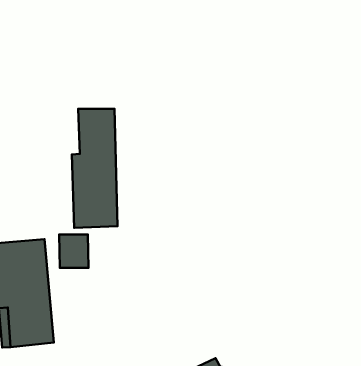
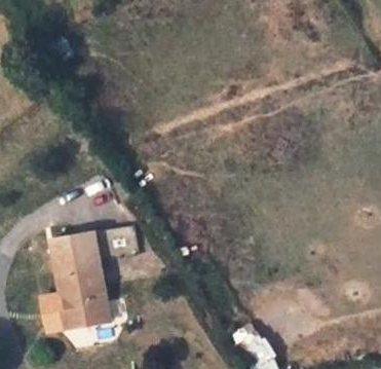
building: [72,109,117,228] -> none

